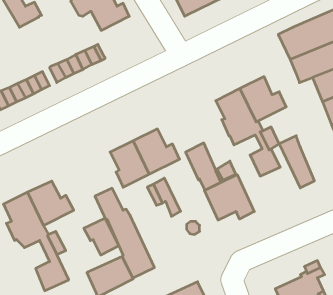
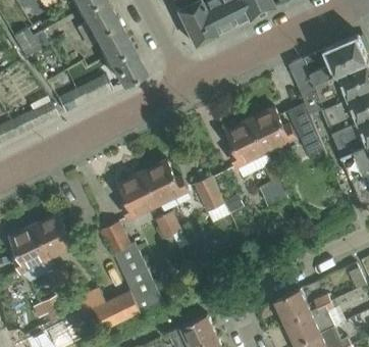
building: none -> [108,46,145,84]
building: [279,136,314,188] -> [287,102,323,155]
building: [204,175,254,220] -> none
building: [84,218,119,255] -> none
building: none -> [274,289,311,323]

